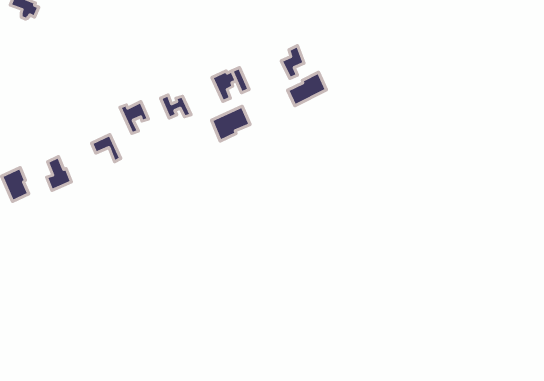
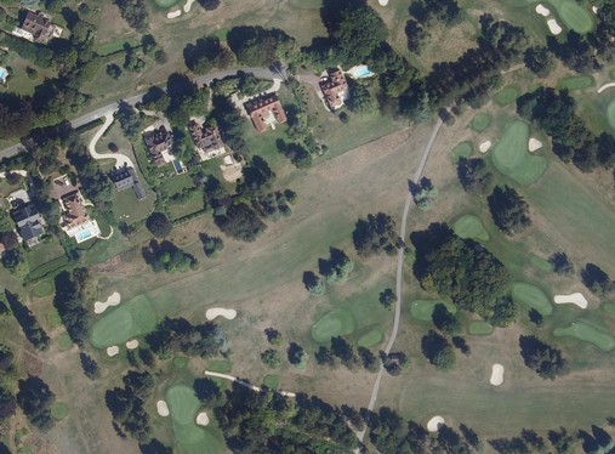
building: [288,72,327,106] -> none
building: [212,106,250,141] -> none

